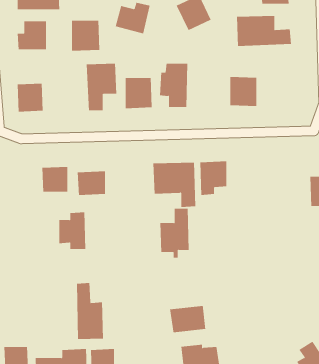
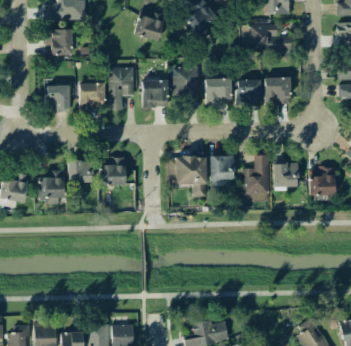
building: [71,20,100,51] -> [79,83,105,111]
building: none -> [264,77,290,105]
building: none -> [205,78,231,106]
building: none -> [273,163,298,187]
building: [160,208,190,258] -> [242,155,269,200]
building: [58,212,86,250] -> [37,170,62,204]
building: [77,282,103,340] -> none
building: [169,305,206,333] -> none

